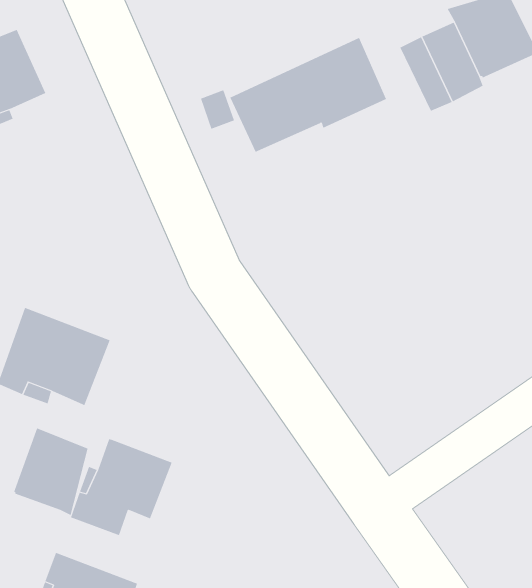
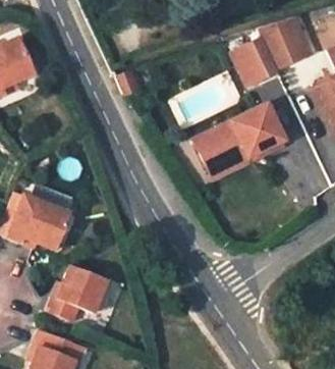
building: [230,37,387,152] -> [194,102,282,166]
building: [13,427,88,516] -> none

